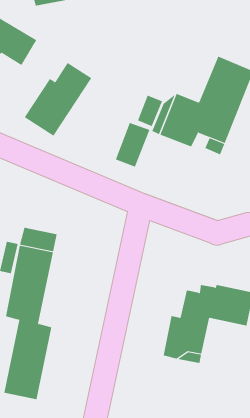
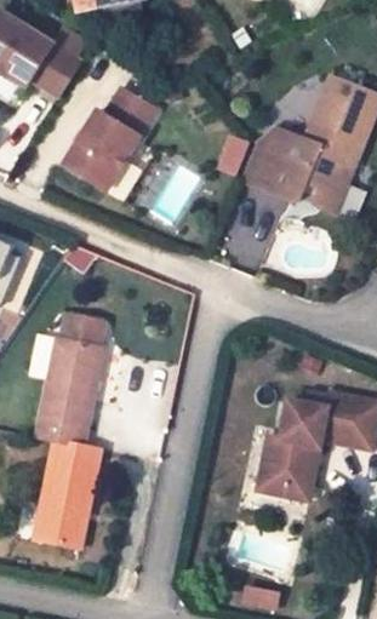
building: [115,122,150,168] -> none

